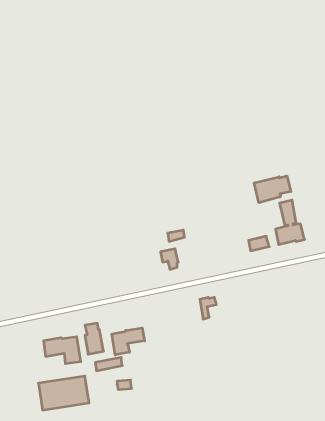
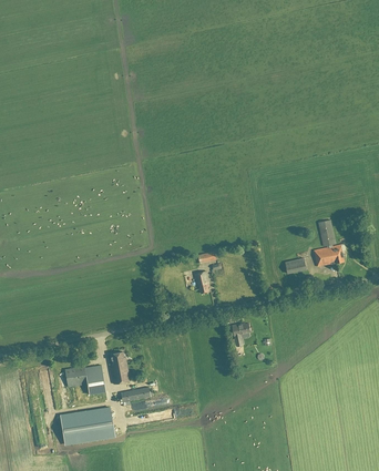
building: [254,176,291,203] -> none
building: [112,328,145,355] -> none

